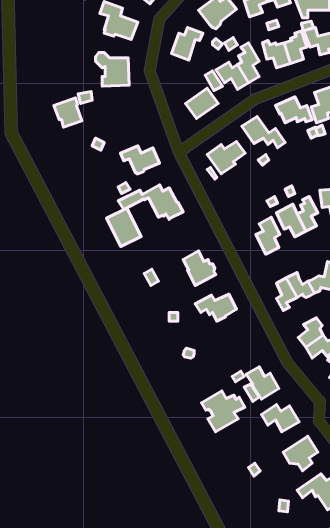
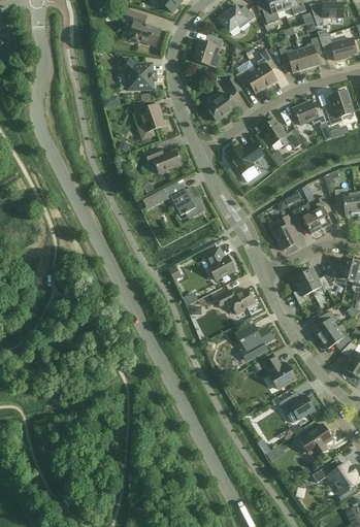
building: [54,98,82,127] -> [138,103,165,131]
building: [107,208,141,247] -> none
building: [201,391,245,432] -> [233,323,274,362]

